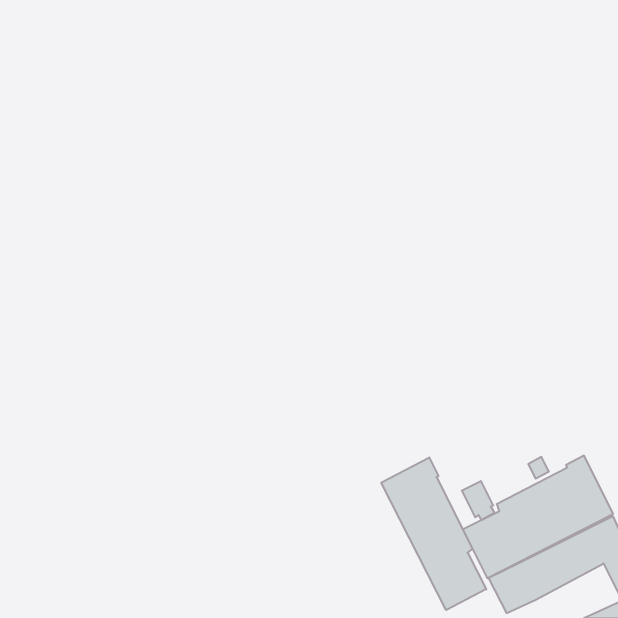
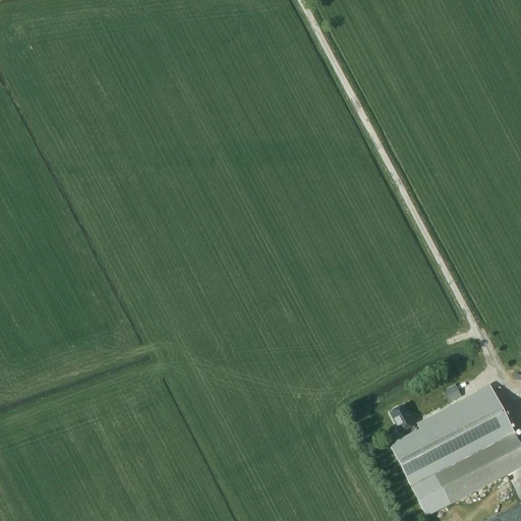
building: [381,457,486,610] -> none

